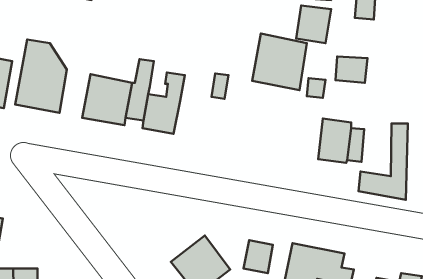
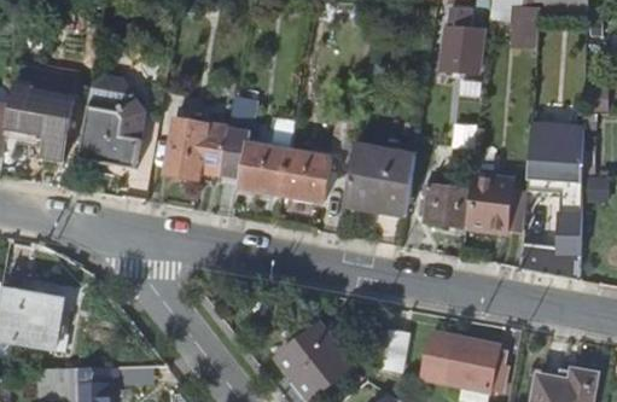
building: [252,34,307,90] -> [342,145,412,217]
building: [335,56,368,83] -> [530,138,571,171]
building: none -> [280,151,328,200]
building: none -> [423,183,466,226]

